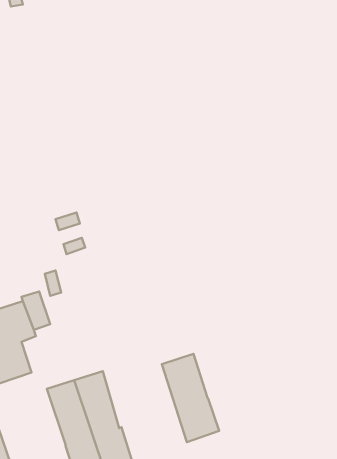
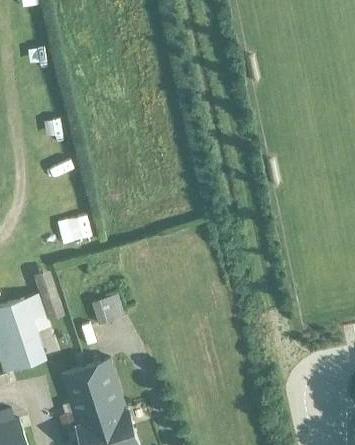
building: none -> [90,294,123,326]
building: [162,354,219,442] -> none

